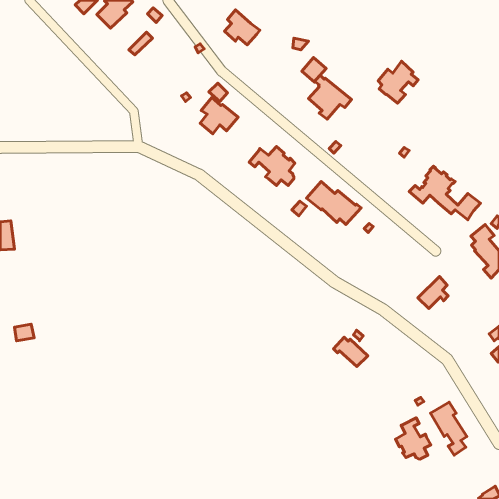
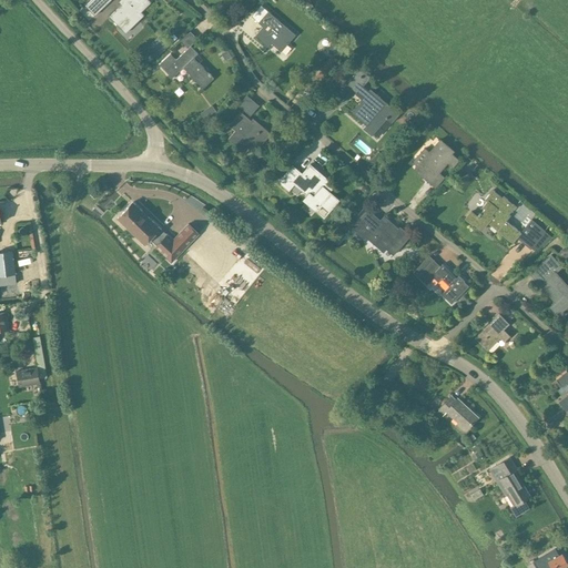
building: none -> [159,45,213,88]
building: [378,61,418,103] -> [413,139,458,186]
building: none -> [116,201,199,263]
building: none -> [418,260,469,304]
building: [334,337,368,366] -> [439,396,478,429]
building: [395,418,431,459] -> none

